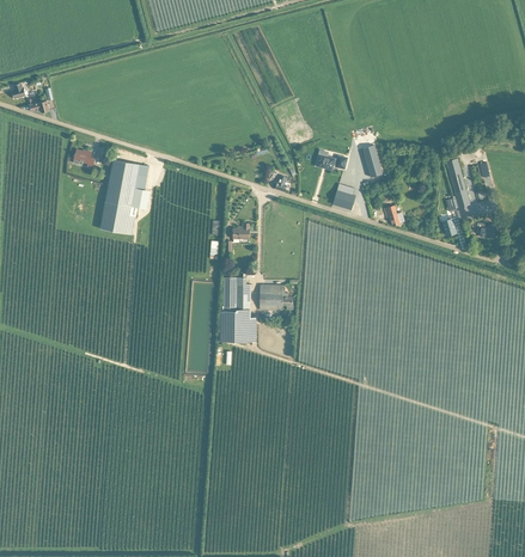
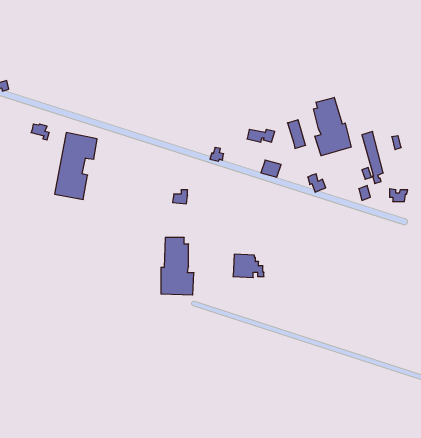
building: none -> [313,97,351,156]
building: [258,284,293,311] -> [233,254,264,278]

